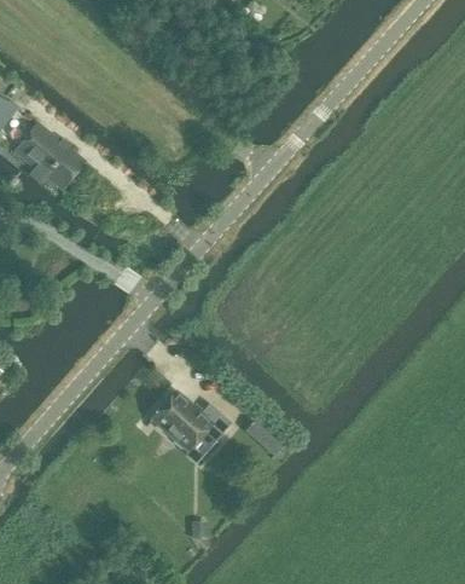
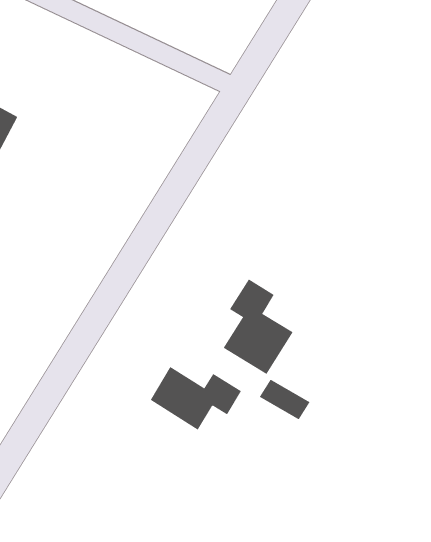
building: none -> [223,279,294,375]

